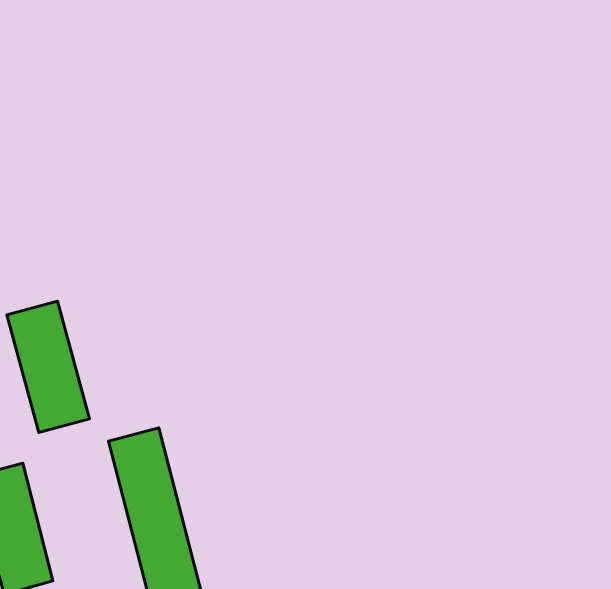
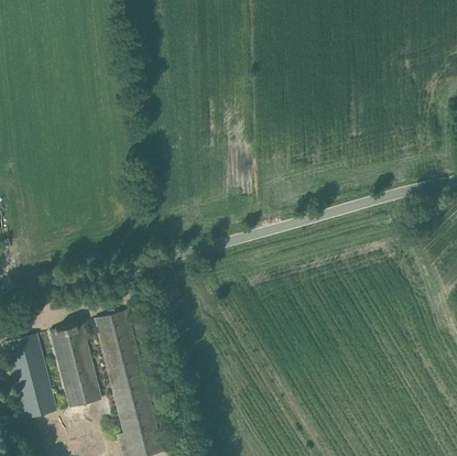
building: [7,301,89,432] -> [50,322,104,408]

